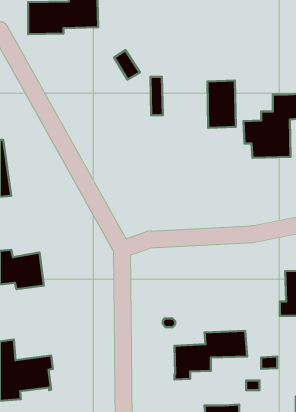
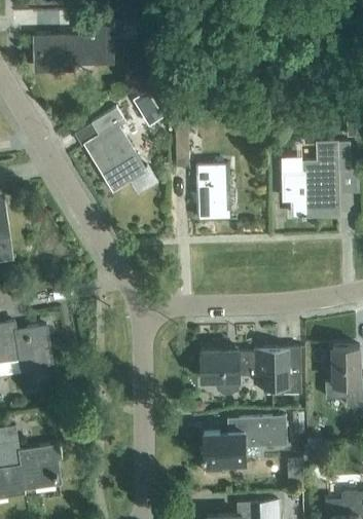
building: none -> [88,108,157,193]
building: [207,81,236,128] -> [196,164,229,219]
building: none -> [201,346,300,394]

